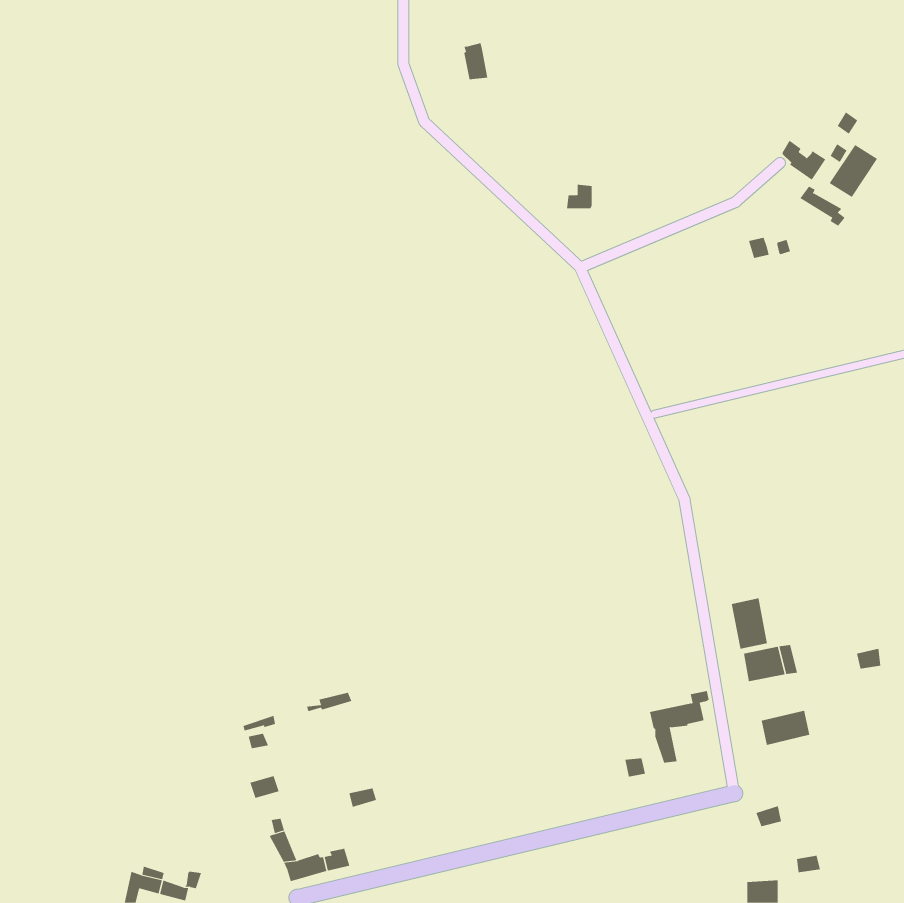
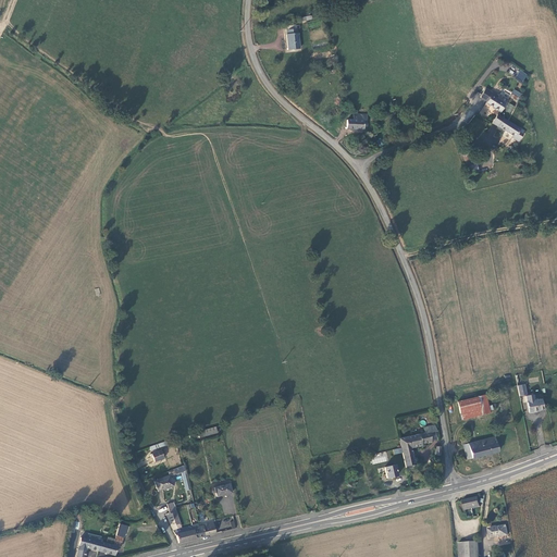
building: [829,144,878,198] -> none
building: [731,598,768,650] -> none

